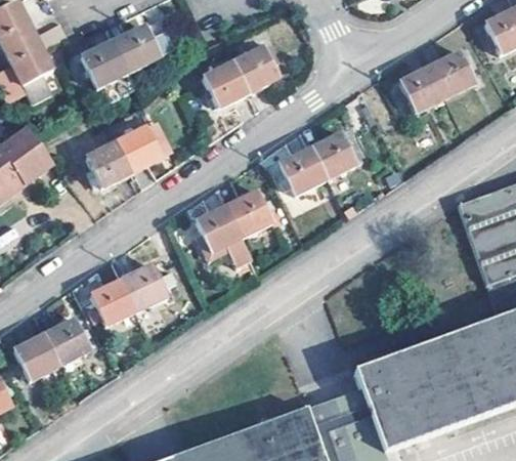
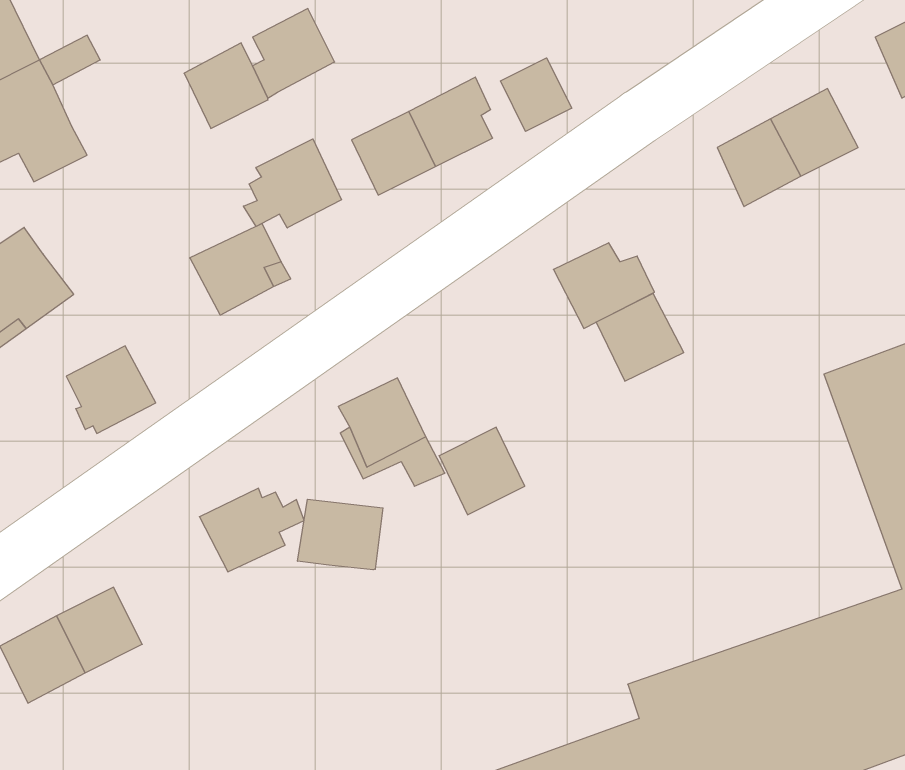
building: none -> [500,58,572,131]
building: [81,42,126,88] -> none
building: none -> [243,139,342,228]
building: [83,141,131,188] -> [66,346,156,433]
building: [280,148,327,195] -> [596,294,684,381]
building: [226,191,272,238] -> [439,427,525,515]
building: none -> [298,499,383,570]
building: [90,281,135,326] -> none

